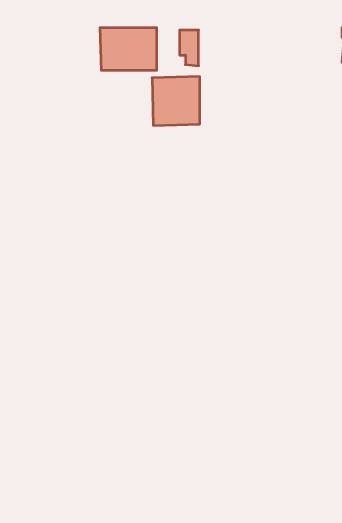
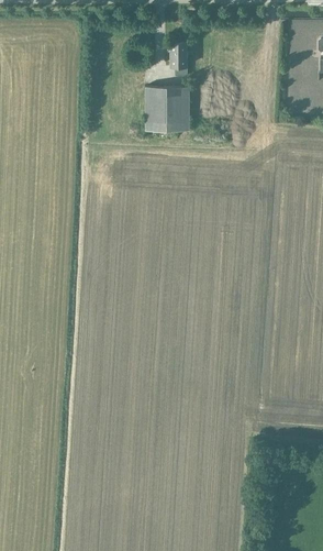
building: [100,28,157,70] -> none

